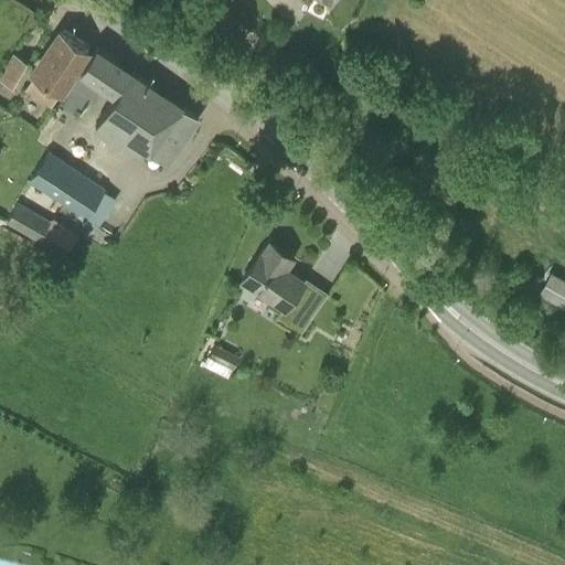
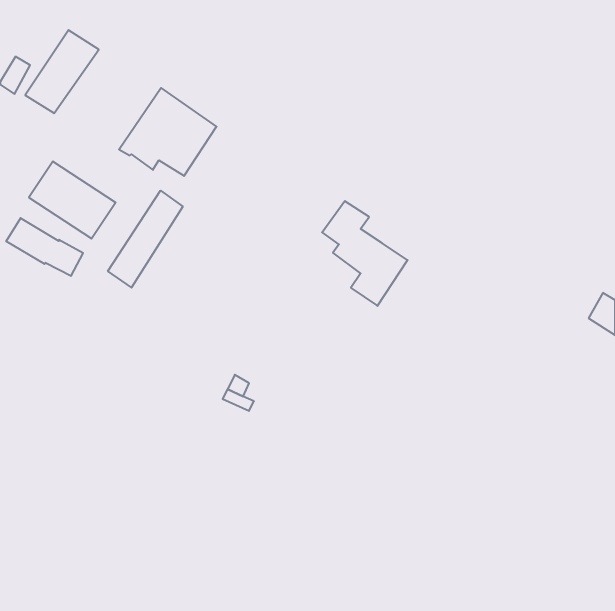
building: [73,51,148,141] -> none
building: none -> [108,191,183,288]
building: [249,245,328,341] -> [322,201,408,306]

